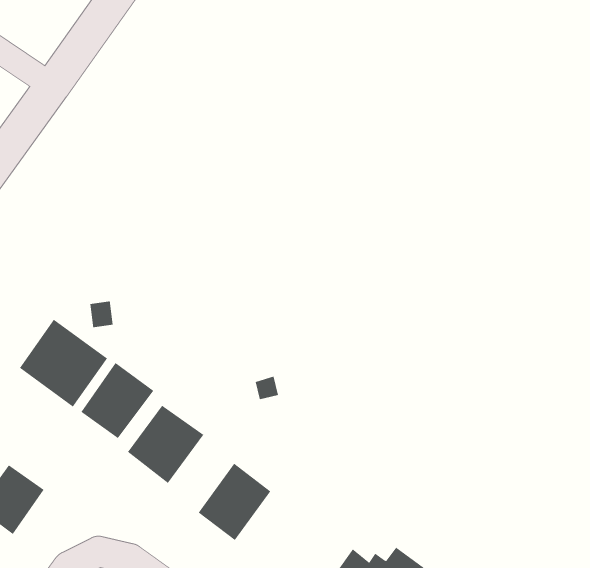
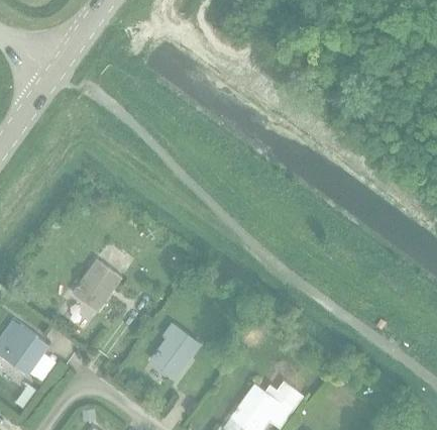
building: [19,319,108,408] -> none
building: [127,405,204,484] -> none

